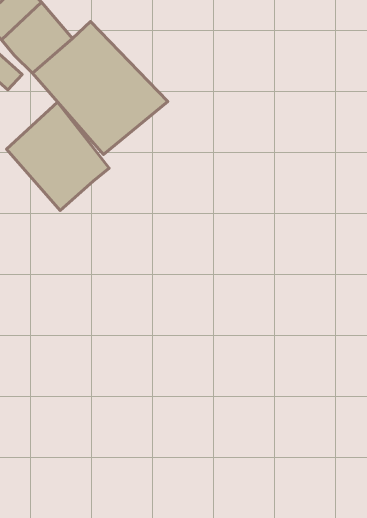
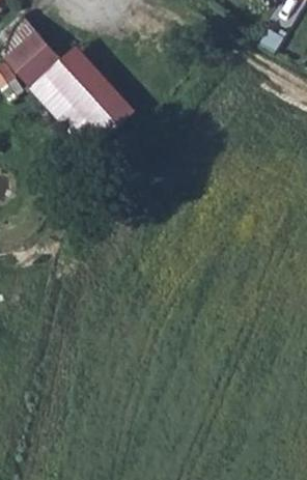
building: [7,102,109,210] -> none

